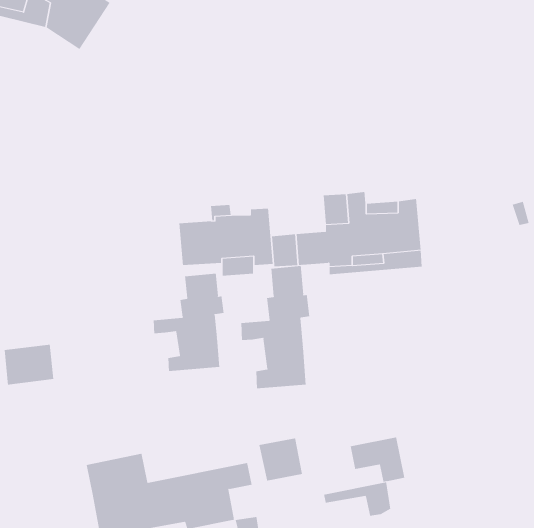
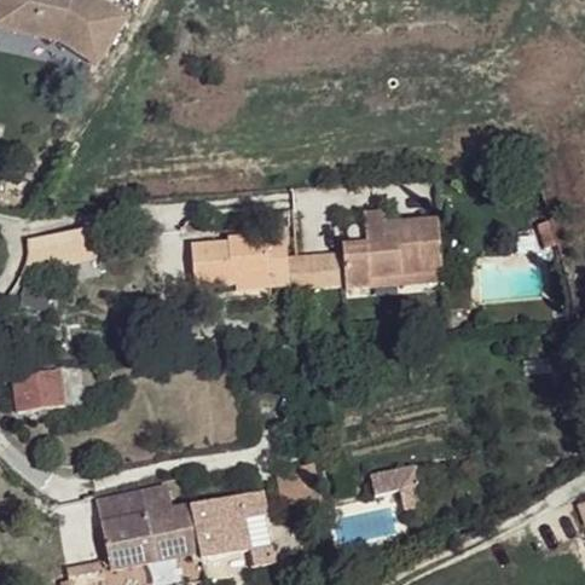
building: none -> [24,230,97,267]
building: [241,265,310,389] -> none
building: [153,273,224,372] -> none
building: [323,482,391,516] -> none

